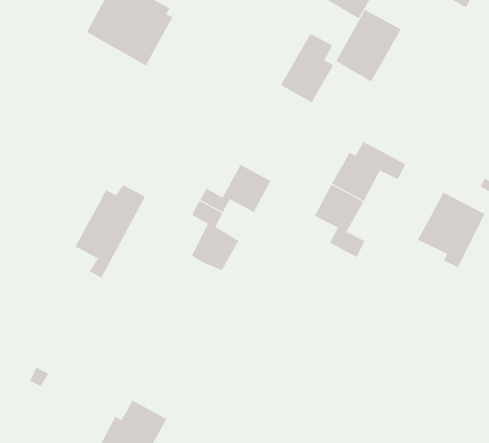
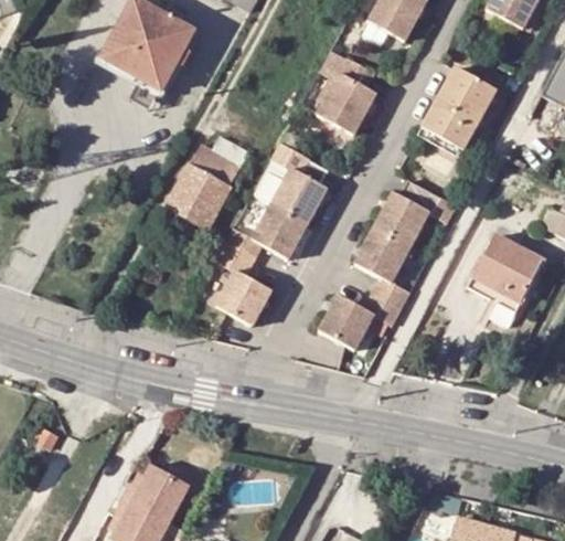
building: [336,9,402,82] -> [422,68,494,149]
building: none -> [271,142,327,222]
building: [75,184,146,278] -> [169,138,247,242]
building: none -> [319,290,401,347]

